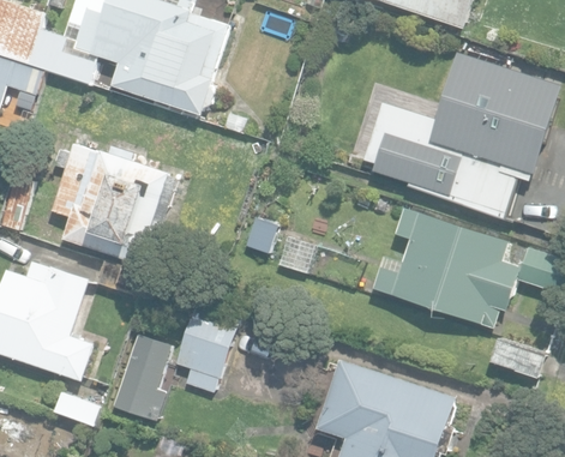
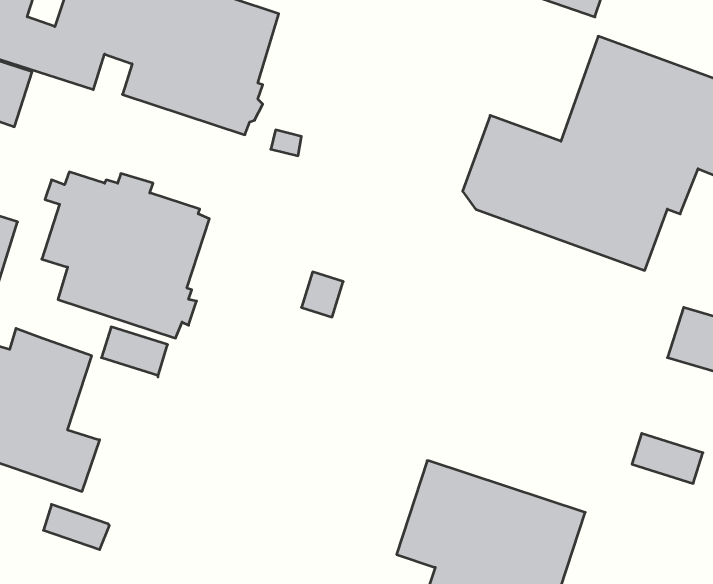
building: [369,208,517,326] -> none
building: [174,301,241,392] -> none
building: [112,335,172,421] -> none

